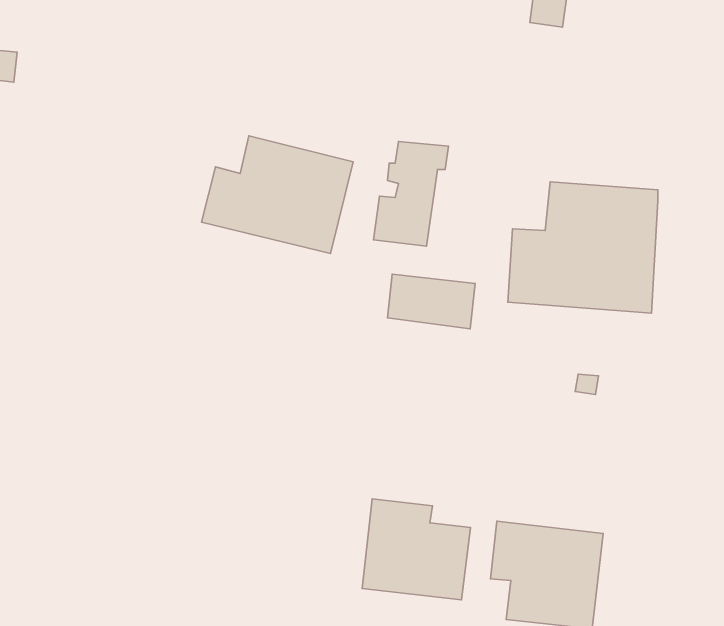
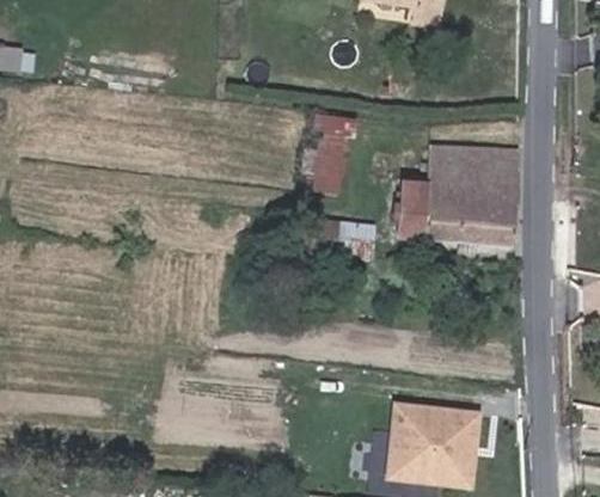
building: [202,136,353,253] -> none
building: [362,499,470,600] -> none

